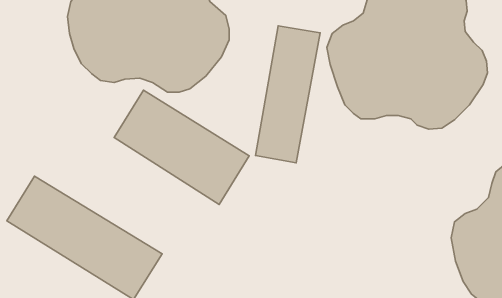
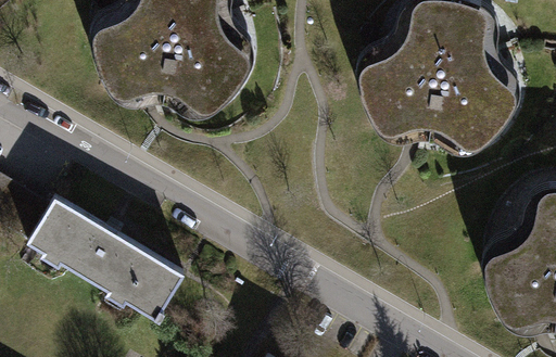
building: [256,26,320,163] -> none
building: [114,90,249,205] -> none

